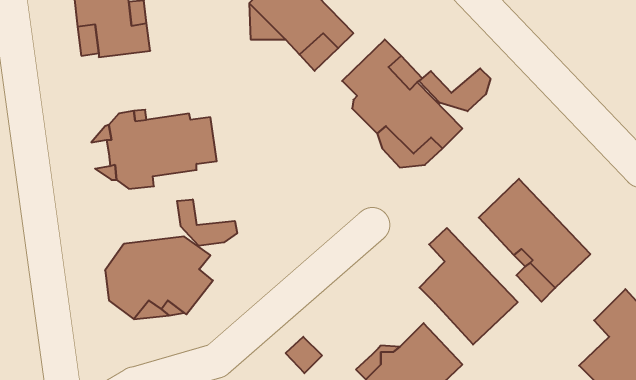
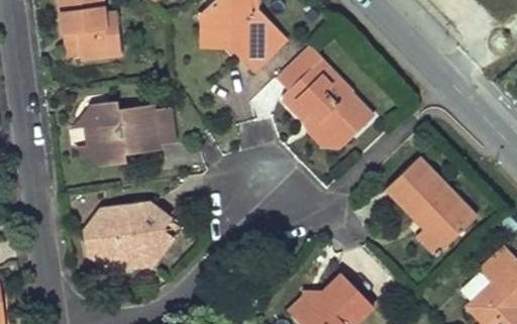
building: [419,68,490,111] -> none
building: [177,199,237,246] -> none
building: [419,228,518,345] -> none

